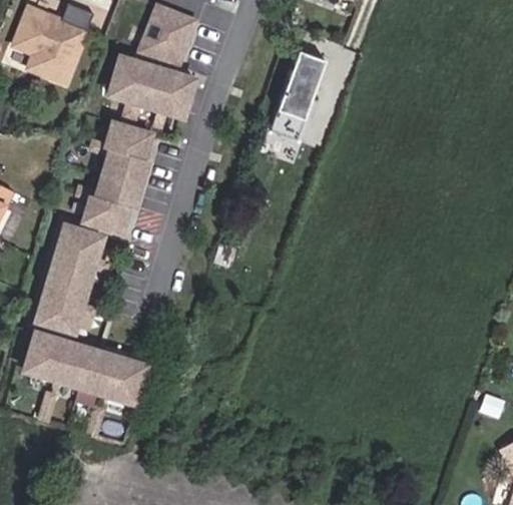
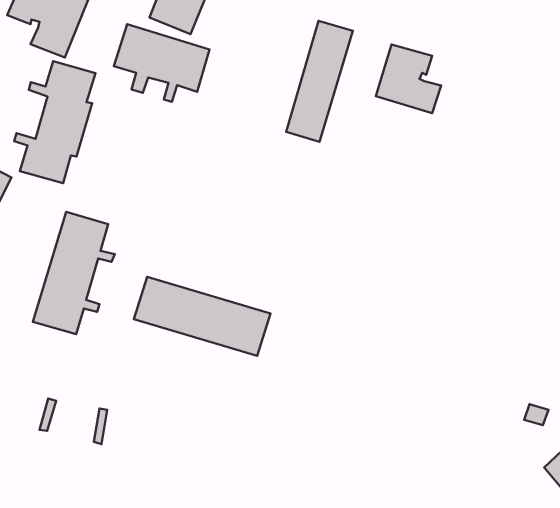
building: none -> [376,45,441,113]
building: [78,120,151,230] -> [14,61,95,183]
building: [25,331,148,402] -> [134,277,271,356]

